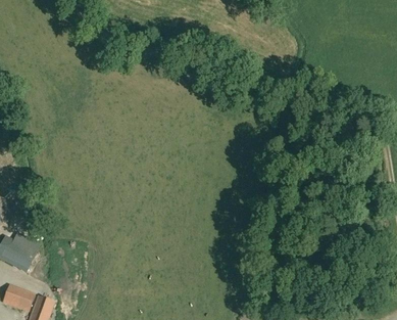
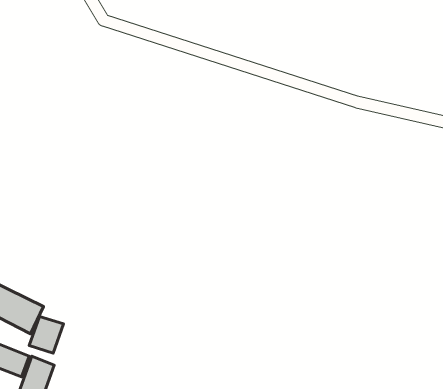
building: none -> [29,316,64,353]

